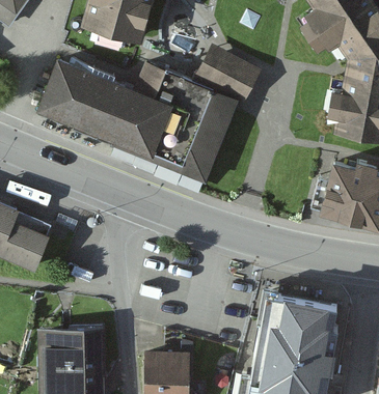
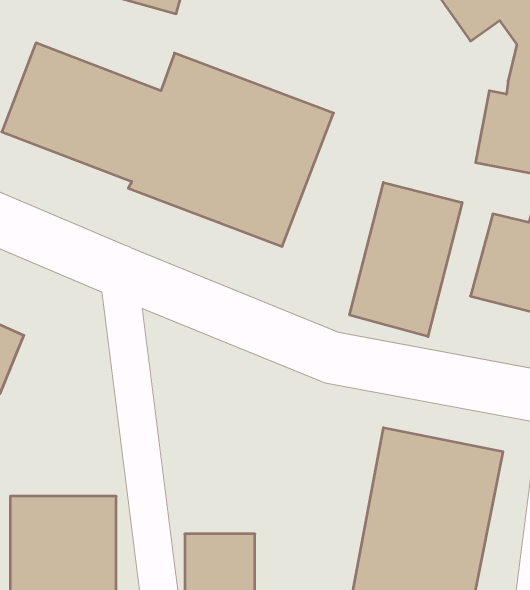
building: [197,46,261,101] -> none
building: none -> [350,182,462,337]

